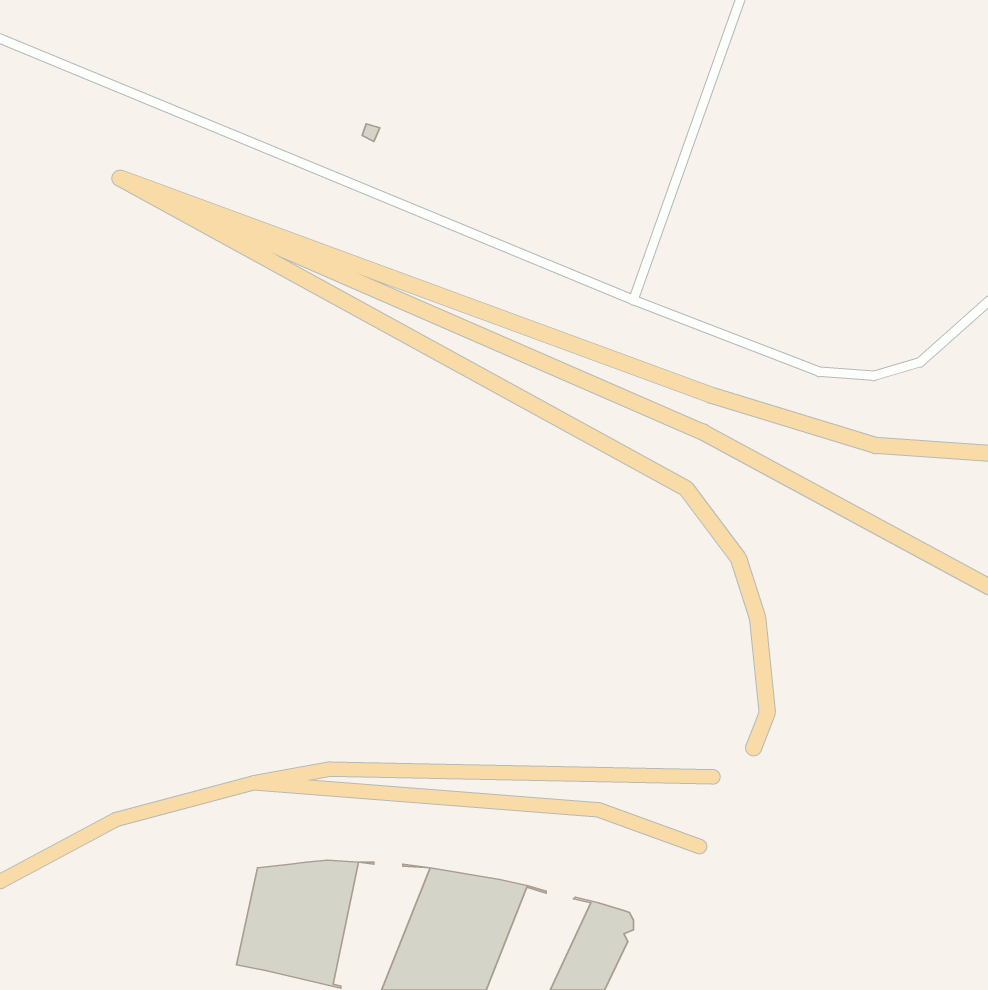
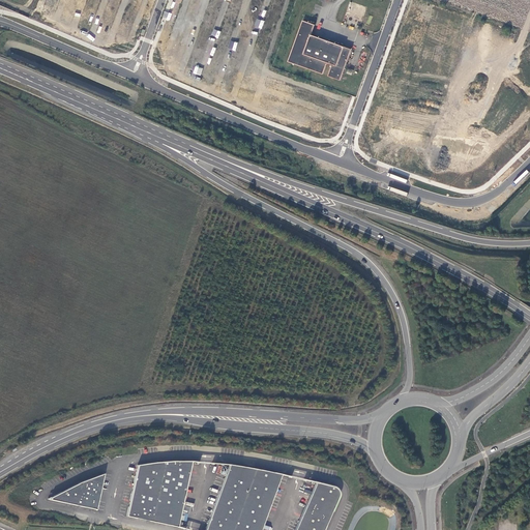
building: none -> [289,22,353,82]
building: none -> [49,474,105,509]

